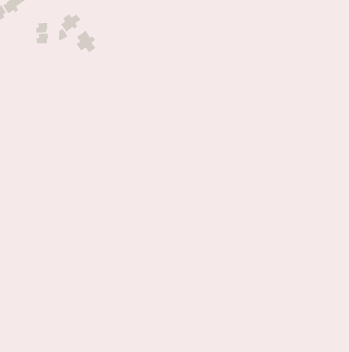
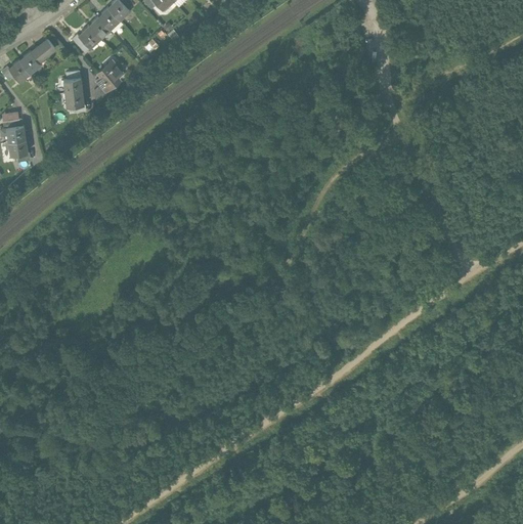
building: [76,30,97,53] -> none

